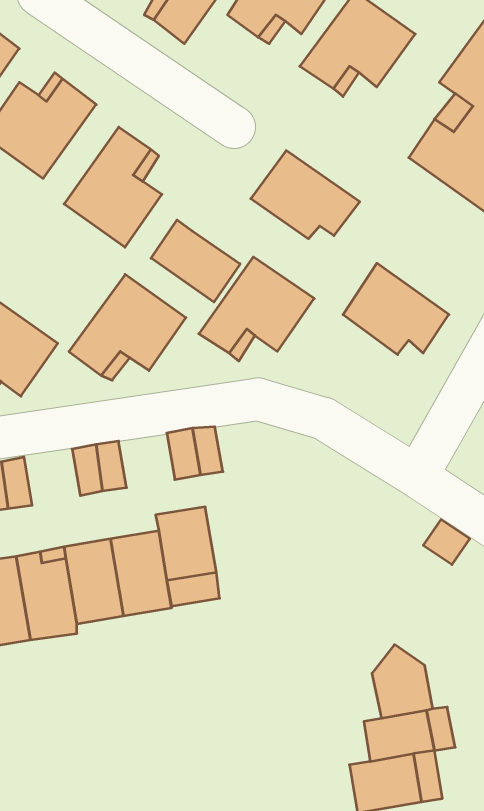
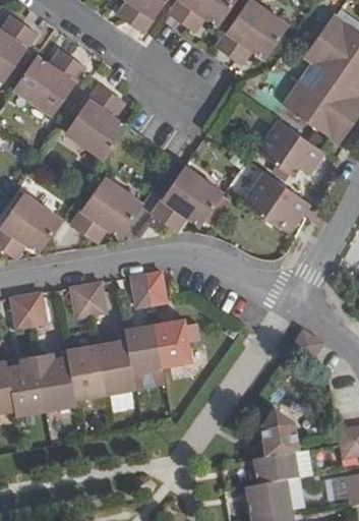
building: [251,151,360,239] -> [257,119,326,175]
building: [151,220,240,302] -> none
building: none -> [156,320,192,366]

